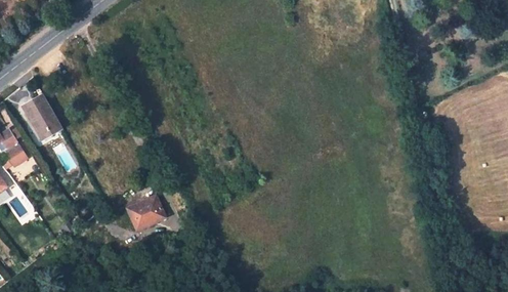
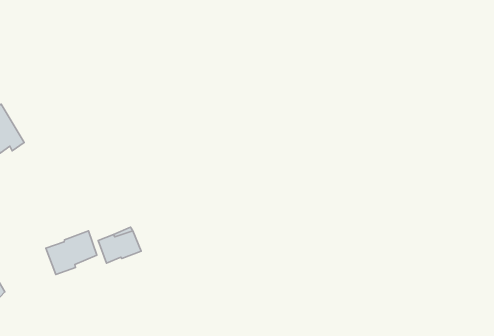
building: none -> [46,231,97,275]

